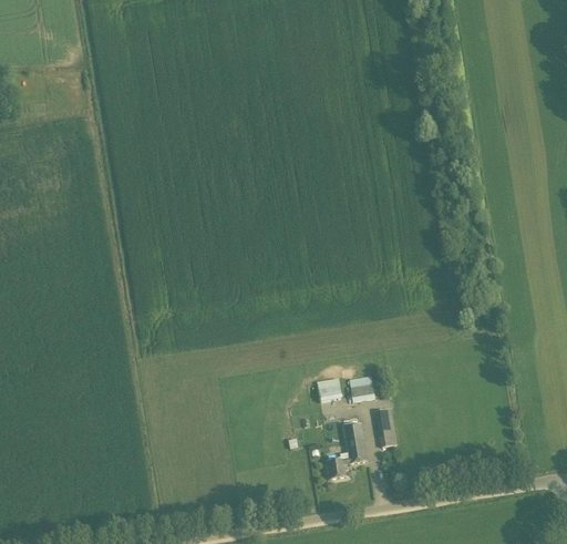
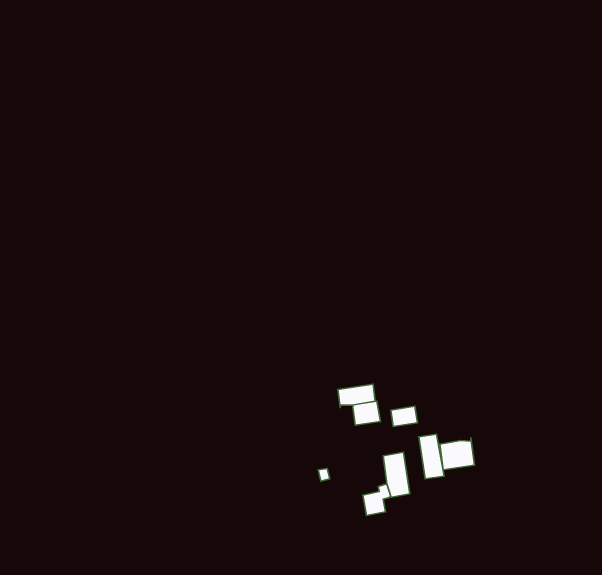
building: none -> [338,384,375,408]
building: none -> [440,438,475,470]

